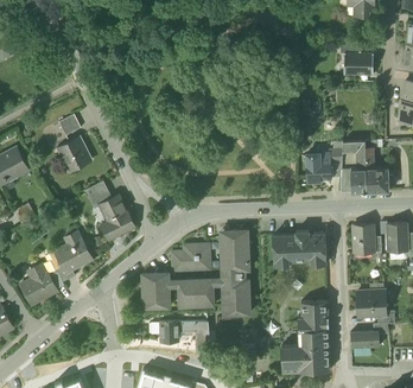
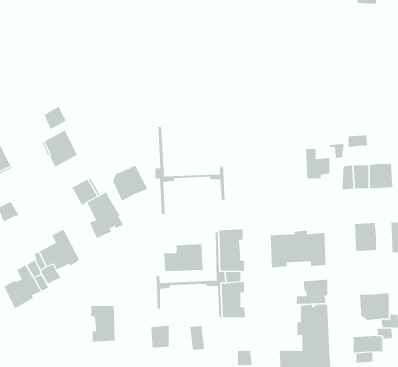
building: [343,52,373,75] -> none
building: none -> [155,126,225,215]
building: none -> [112,164,148,202]
building: [141,273,165,307] -> [90,306,116,342]
building: none -> [296,279,328,305]
building: [178,281,212,305] -> none

